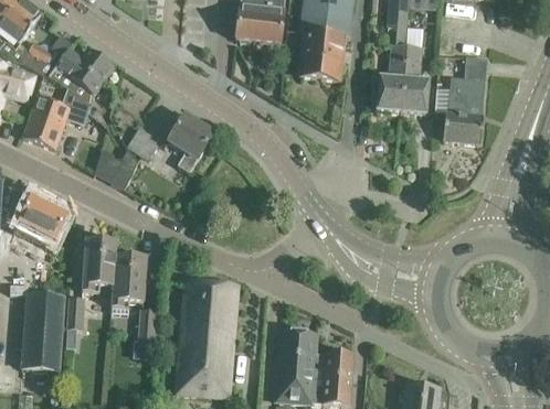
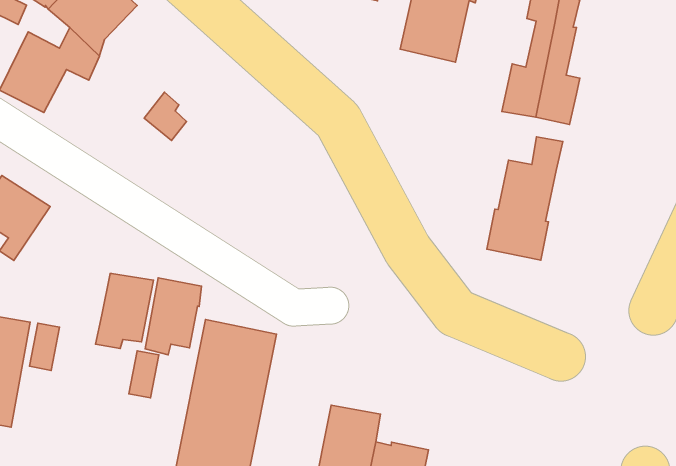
building: [443,57,487,143] -> [487,137,563,260]
building: [169,115,214,172] -> none
building: [95,148,138,187] -> none
building: [83,239,117,292] -> [145,278,201,355]

